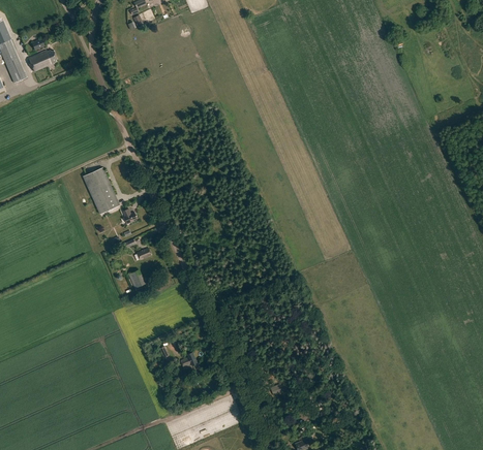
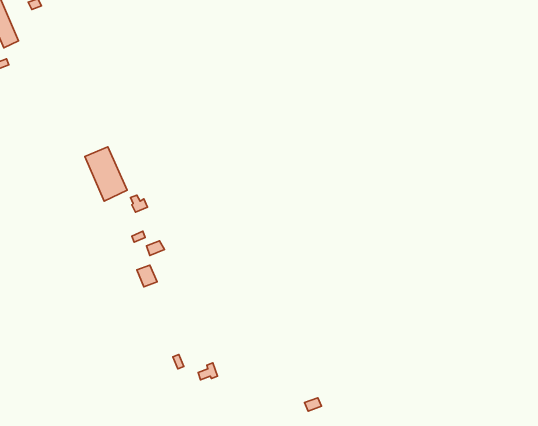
building: [27,50,56,72] -> none

